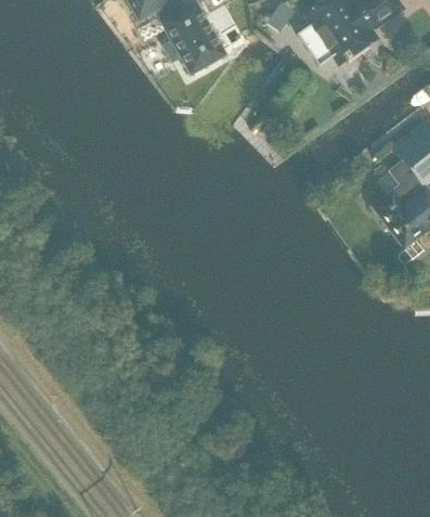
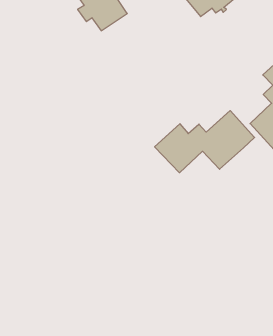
building: none -> [155,111,255,173]

